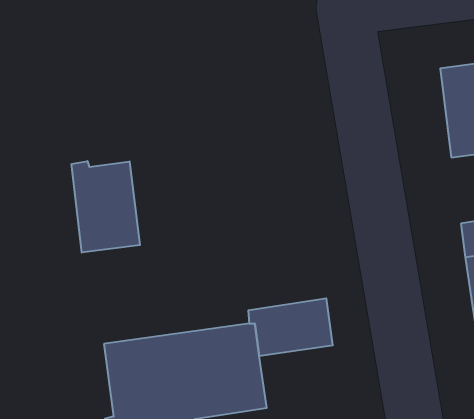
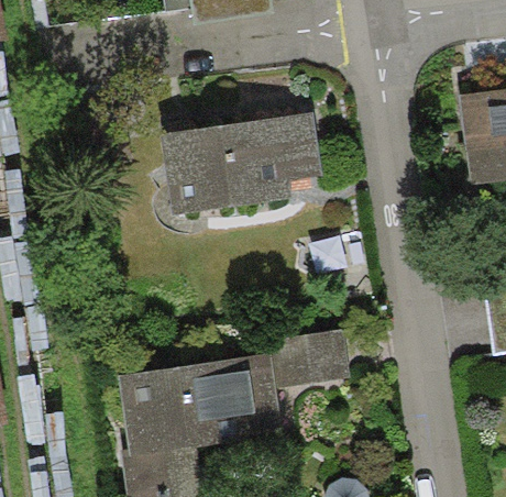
building: none -> [162,113,322,213]
building: [72,161,140,253] -> none

